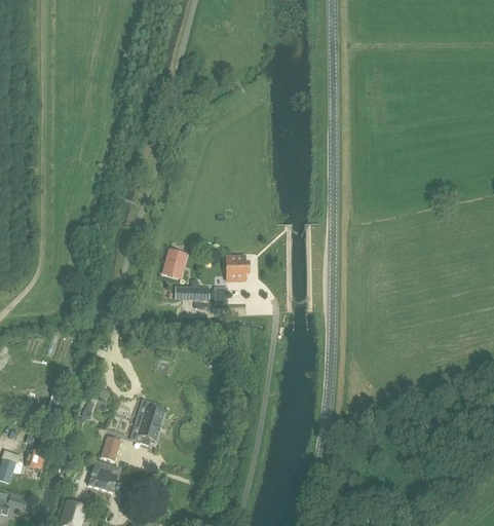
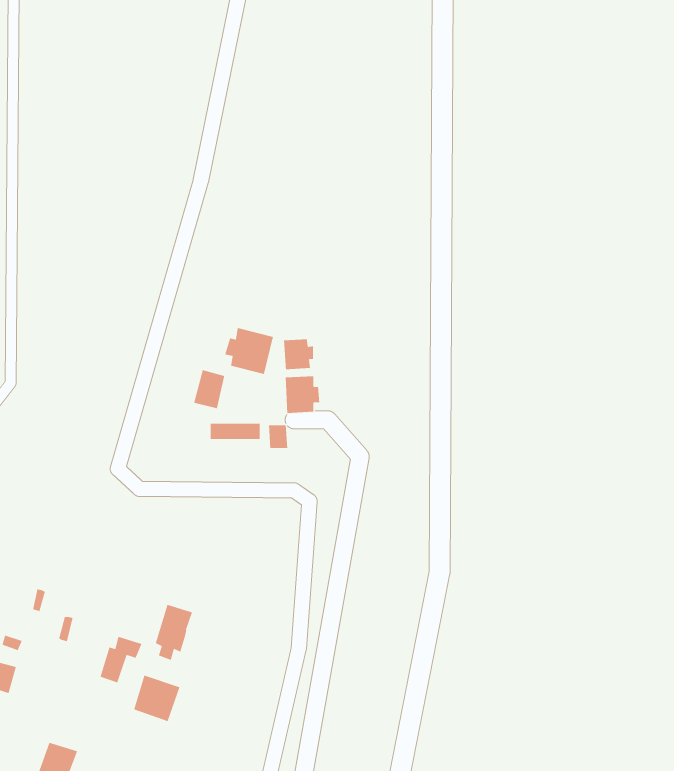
building: none -> [224,327,274,375]
building: none -> [283,338,314,370]
building: [87,461,119,493] -> [133,675,181,722]

